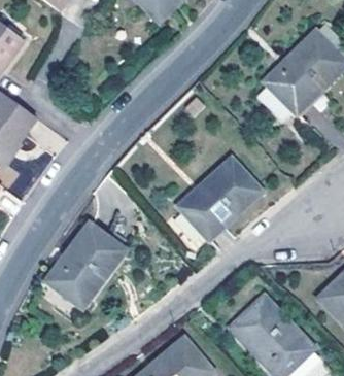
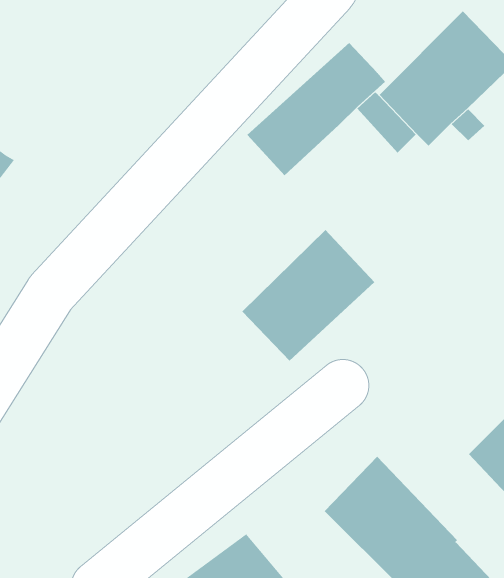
building: none -> [246,42,386,176]
building: [46,228,124,310] -> none

